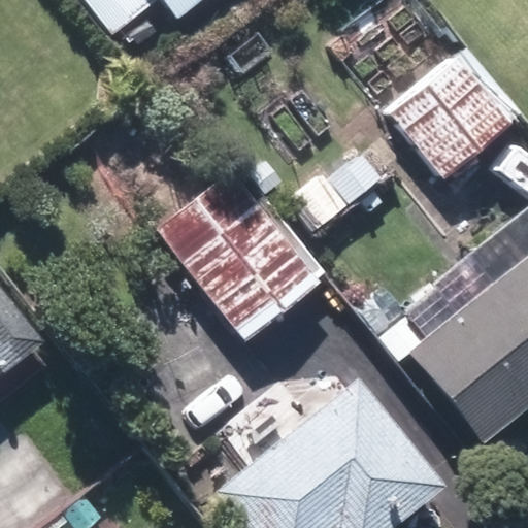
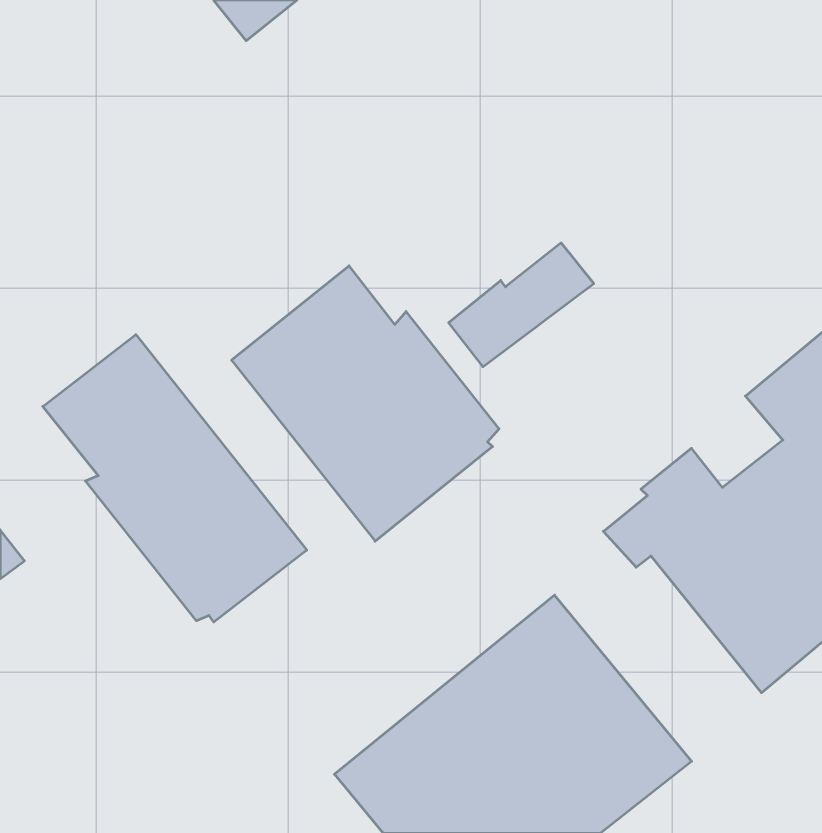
building: [385,50,517,180] -> none
building: none -> [43,335,307,622]

